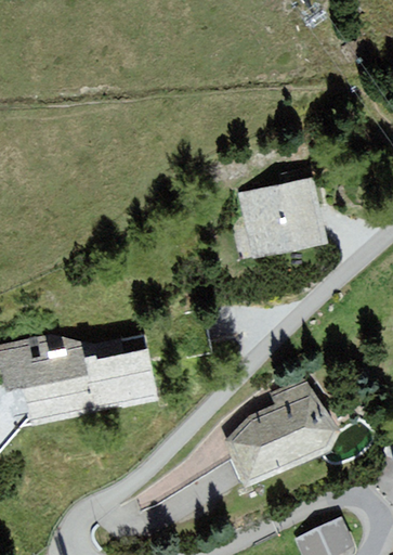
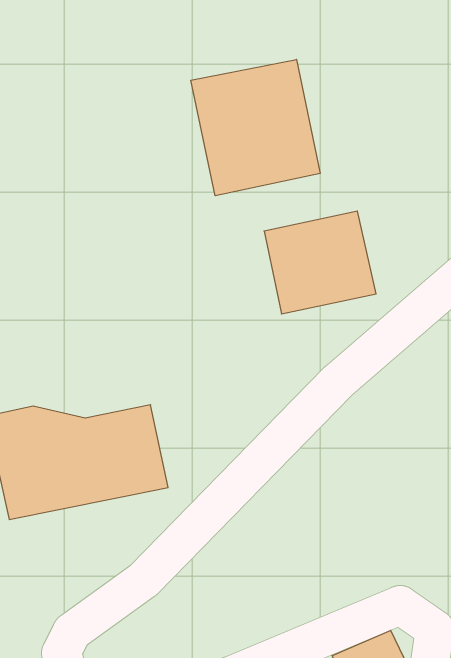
building: none -> [191,59,320,196]
building: [222,378,341,489] -> none

